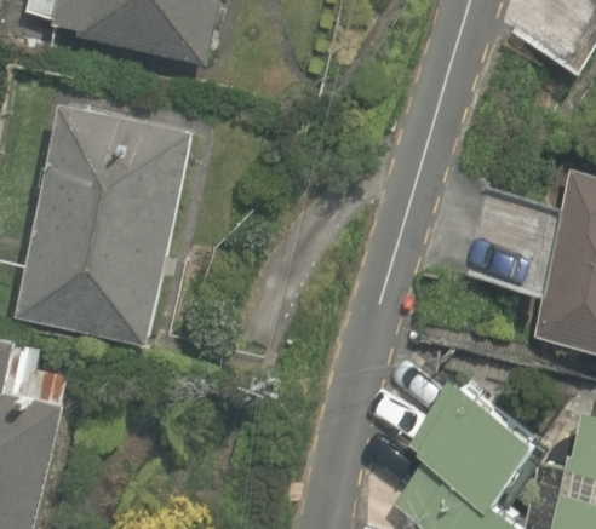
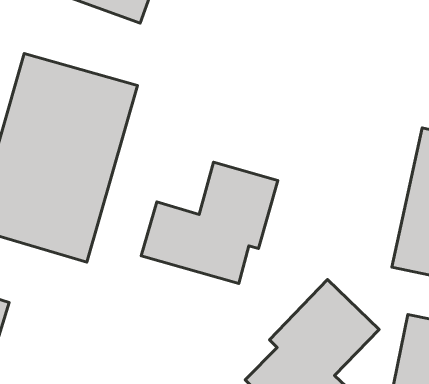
building: none -> [141,162,278,283]

